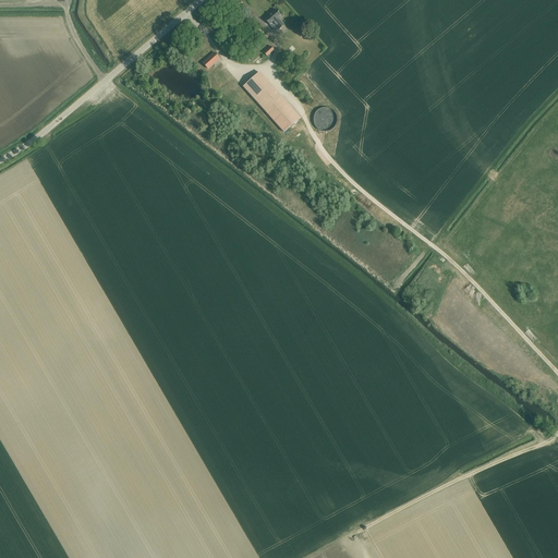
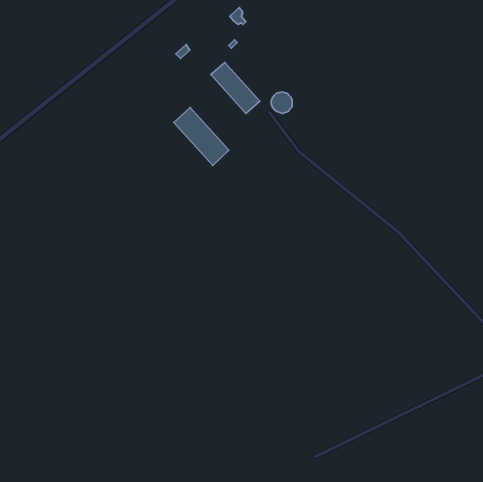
building: none -> [174,107,229,165]

